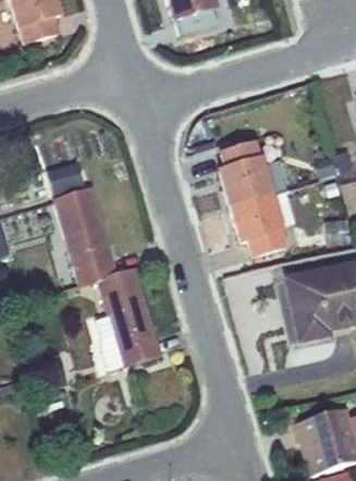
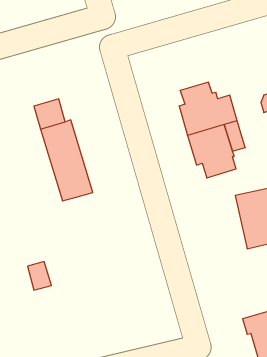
building: [96,267,160,369] -> none

